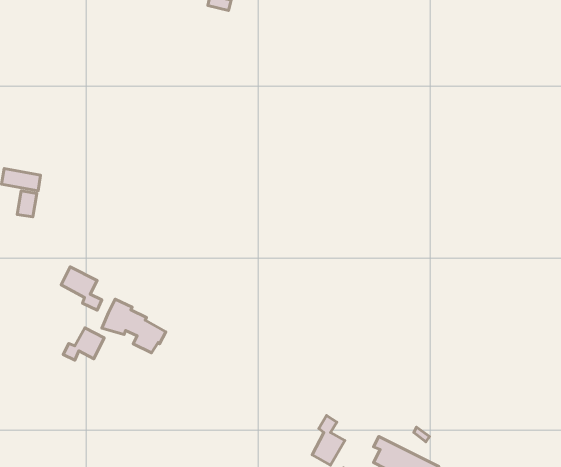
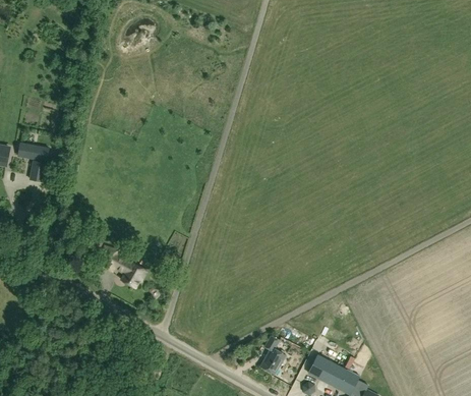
building: [61,267,102,310] -> none
building: [63,328,104,360] -> none

